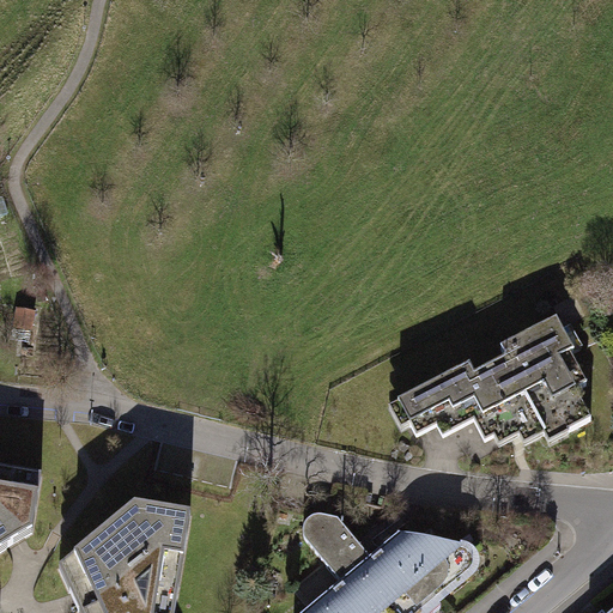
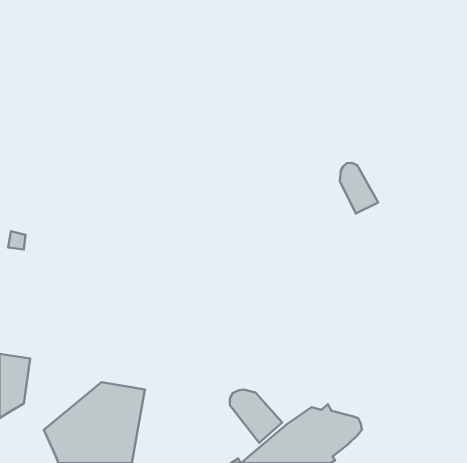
building: none -> [340,163,378,214]
building: [395,314,588,437] -> none

